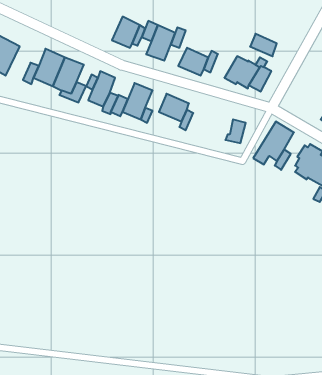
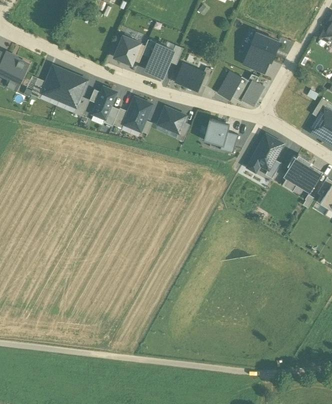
building: none -> [248,32,279,61]
building: none -> [204,118,229,145]

